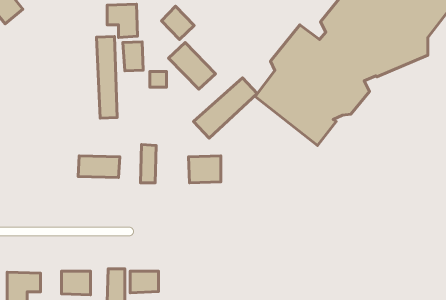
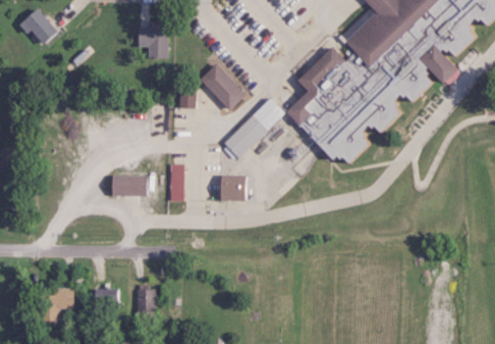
building: [161,6,194,40] -> none
building: [97,36,117,118] -> none
building: [123,42,143,71] -> none
building: [130,271,159,293] -> none

